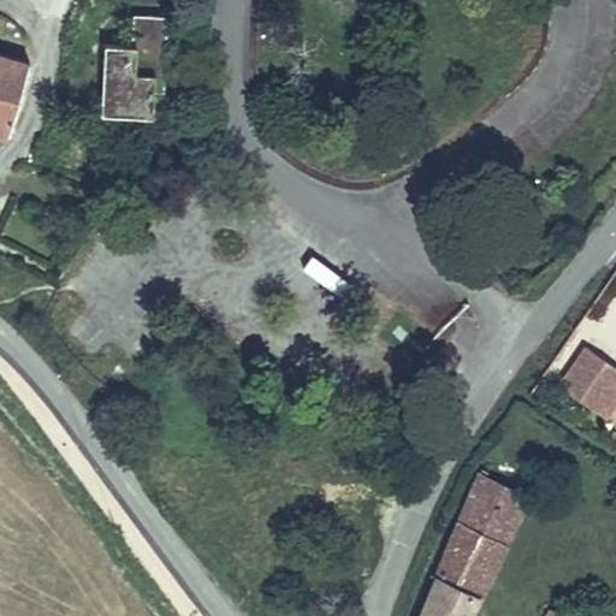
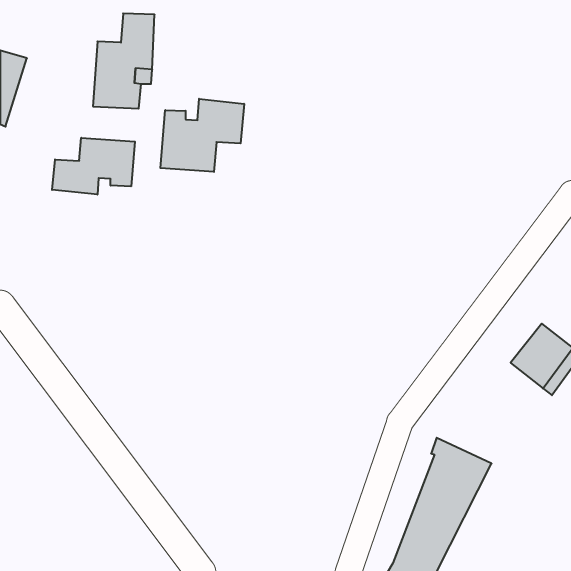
building: none -> [160,99,244,172]
building: none -> [52,138,135,195]

